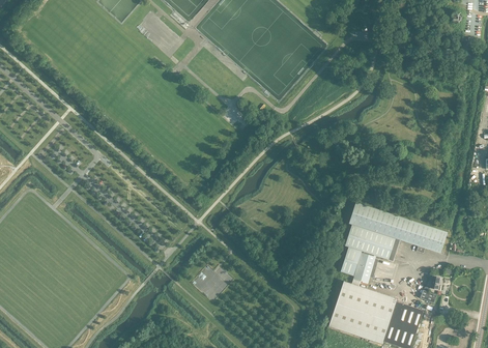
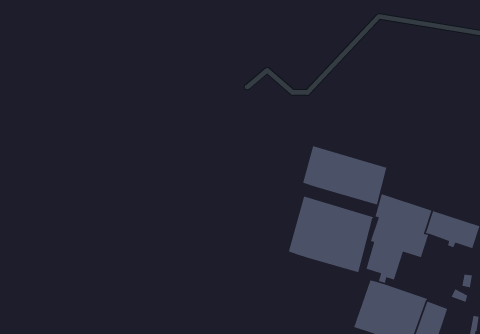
building: none -> [302,145,388,205]
building: none -> [288,195,374,273]

